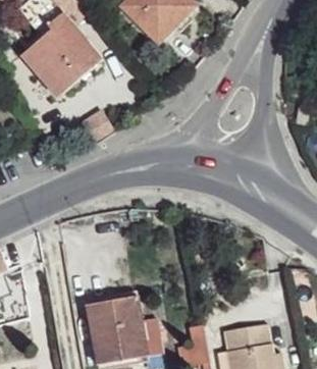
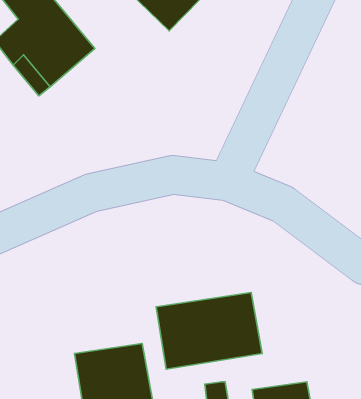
building: none -> [156,293,262,369]

